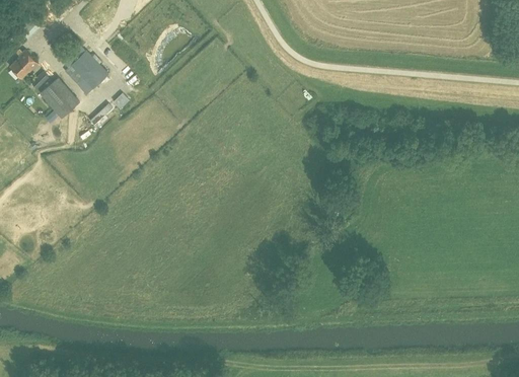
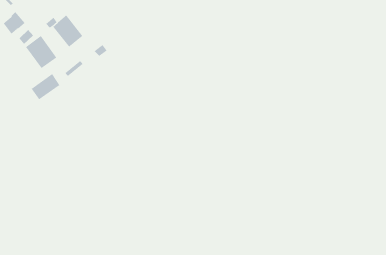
building: none -> [31,73,60,100]

